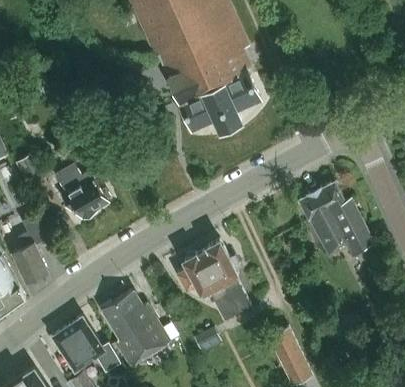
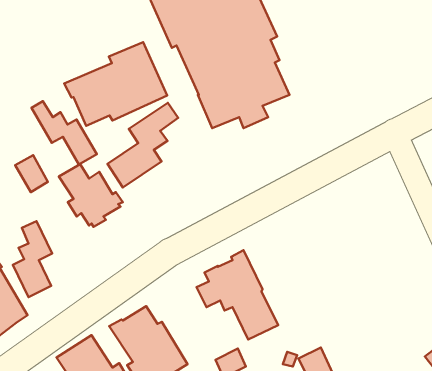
building: none -> [64,42,167,126]
building: none -> [32,101,97,164]
building: none -> [107,103,178,188]
building: [300,183,374,257] -> none

